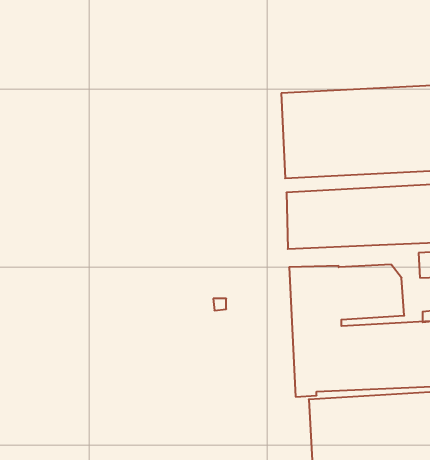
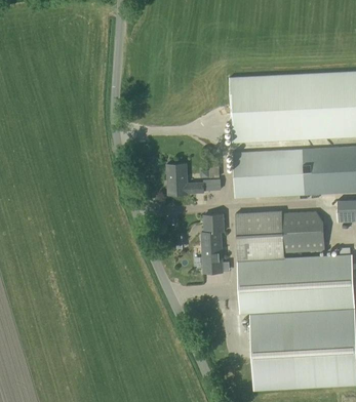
building: none -> [166,163,220,195]
building: none -> [201,212,225,272]

